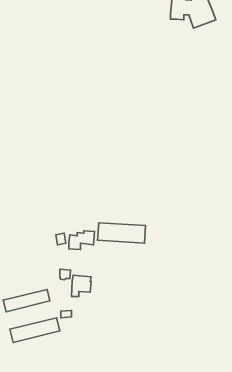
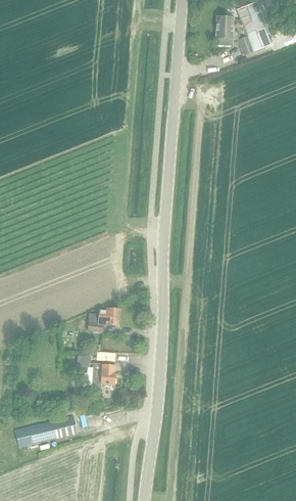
building: [98,223,146,243] -> none
building: [3,289,50,312] -> none

